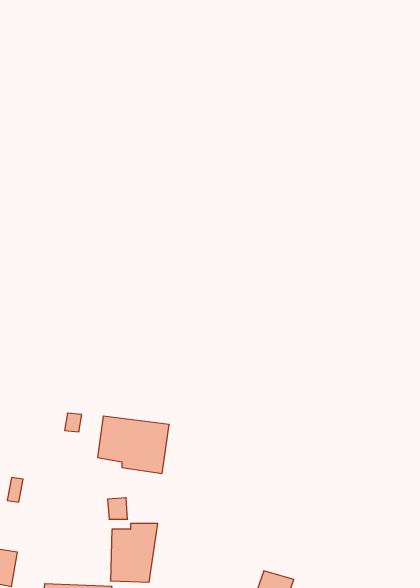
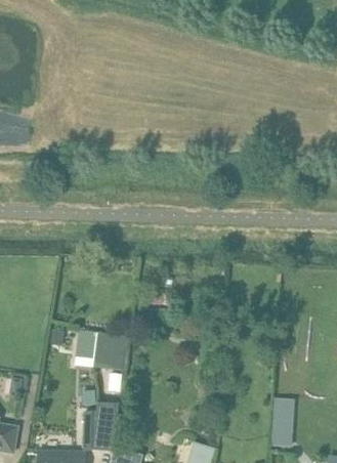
building: none -> [273,395,296,445]

